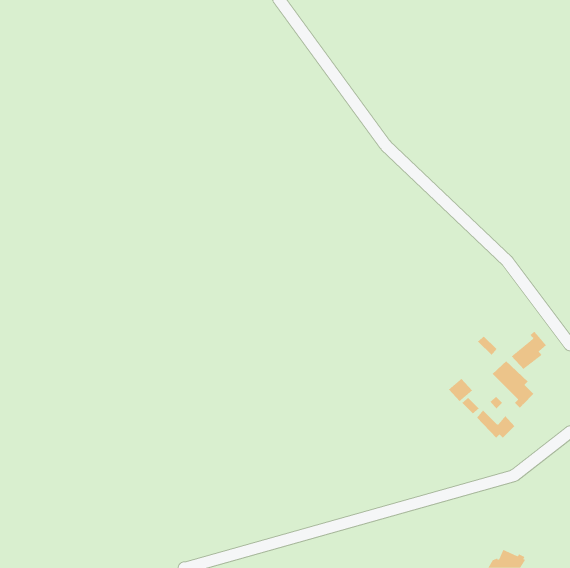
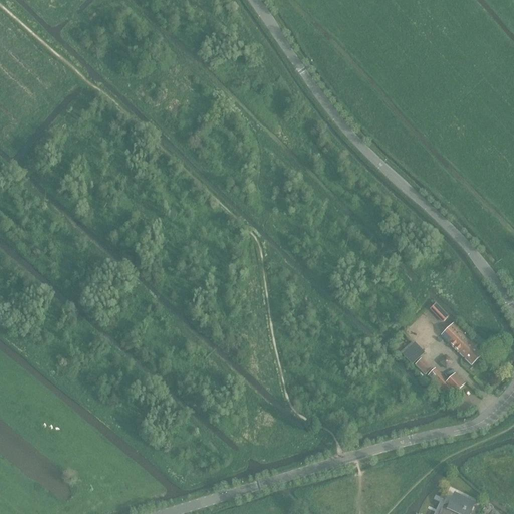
building: [511,331,547,370] -> none

